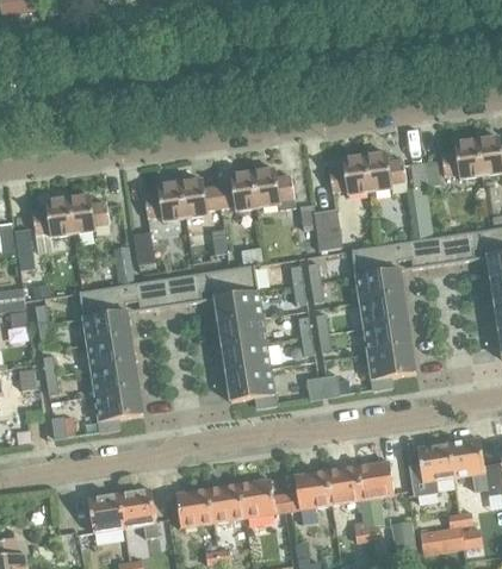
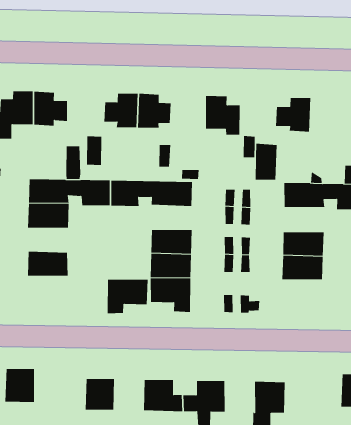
building: [365,150,405,190] -> none
building: [217,170,258,210] -> none
building: [355,268,403,301] -> none
building: [213,290,262,323] -> none
building: [86,336,134,368] -> none
building: [366,345,415,388] -> none
building: [94,387,142,431] -> [107,279,149,314]
building: [408,442,452,495] -> none
building: [324,465,361,504] -> none
building: [206,483,242,521] -> none
building: [119,487,157,538] -> none

